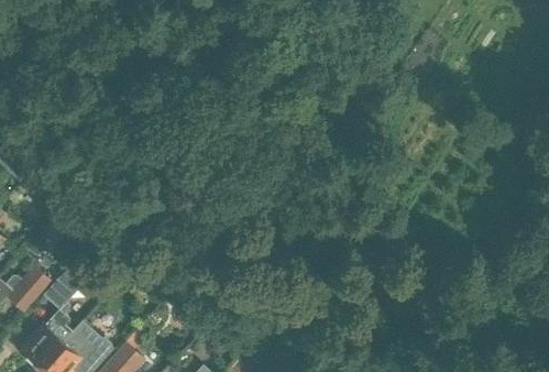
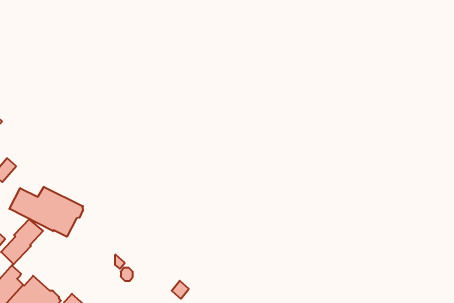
building: none -> [9,187,83,237]

